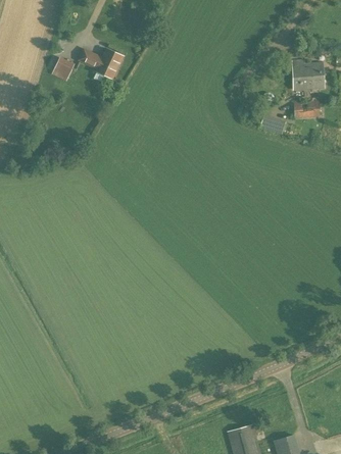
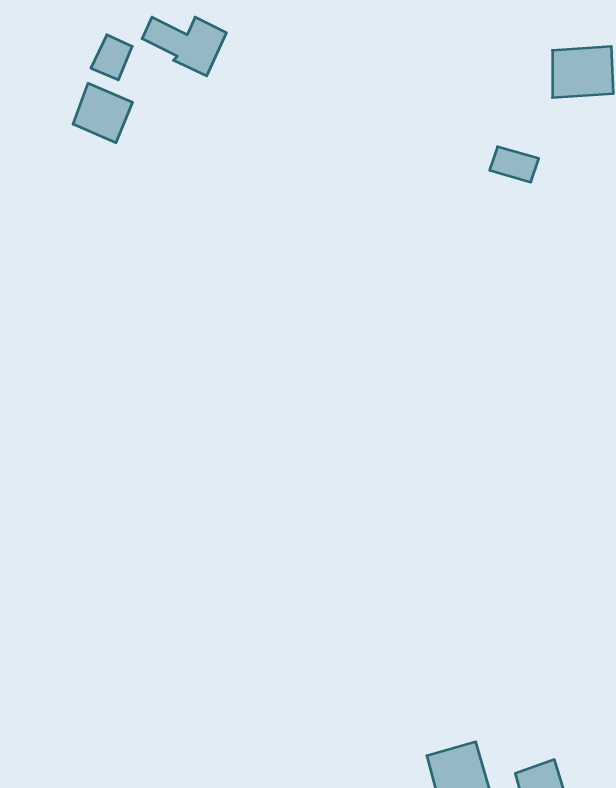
building: none -> [73,83,132,143]
building: [294,102,321,118] -> none

